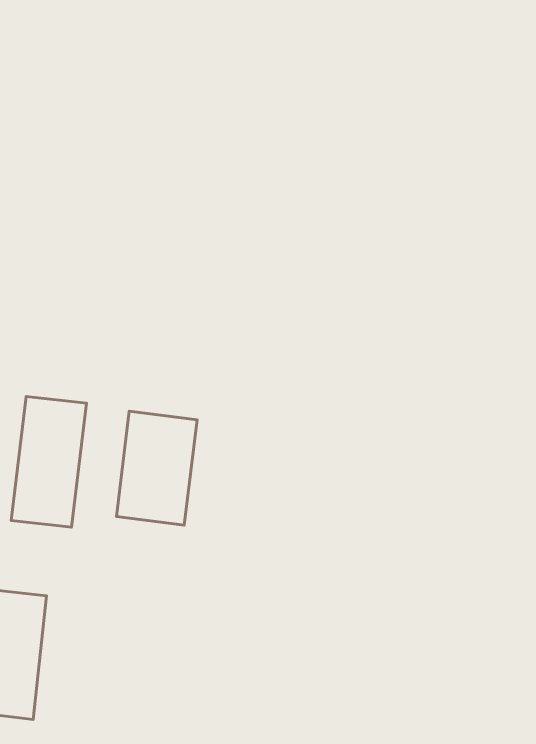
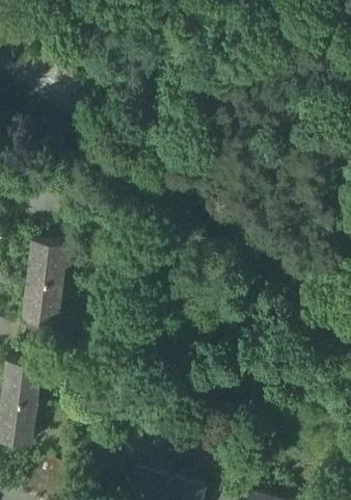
building: [116,411,197,525] -> none

